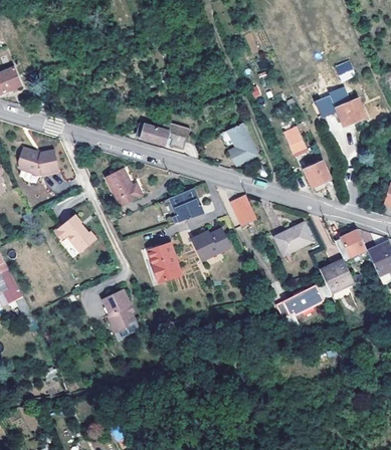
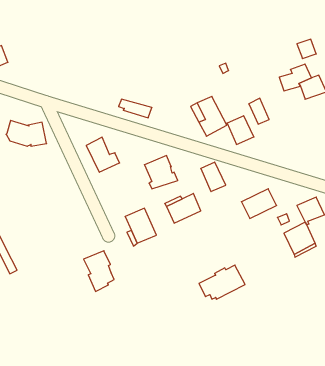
building: [303,157,332,188] -> [227,116,254,144]
building: [60,211,102,247] -> none
building: [277,283,328,320] -> [199,265,245,299]

